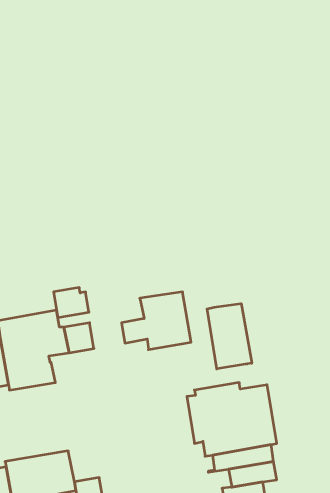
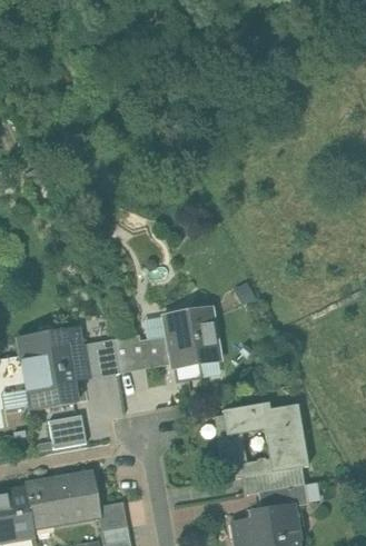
building: [54,288,89,317] -> [113,336,150,367]
building: [207,304,252,369] -> none
building: none -> [52,414,90,448]

